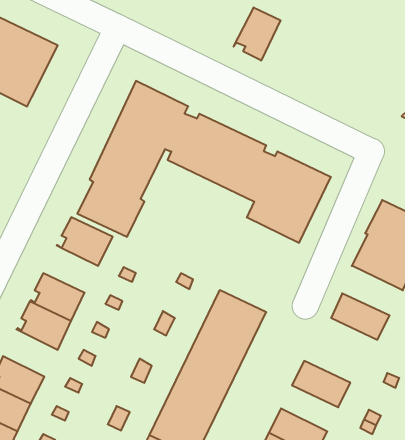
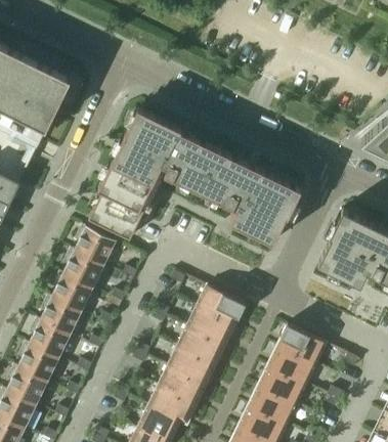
building: [234,7,280,61] -> none
building: none -> [58,249,104,289]
building: [331,293,390,340] -> [277,325,327,364]
building: none -> [29,319,71,359]
building: none -> [258,366,306,405]

